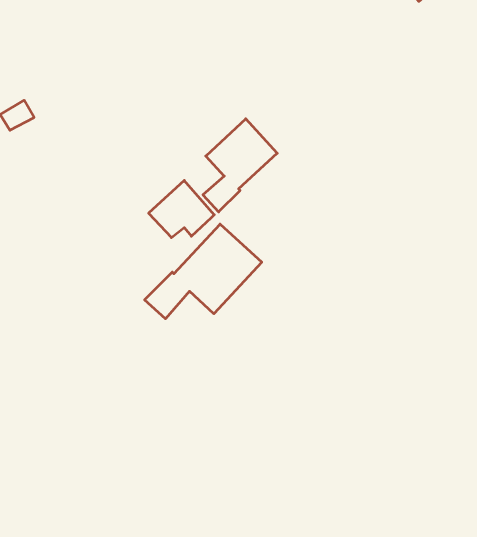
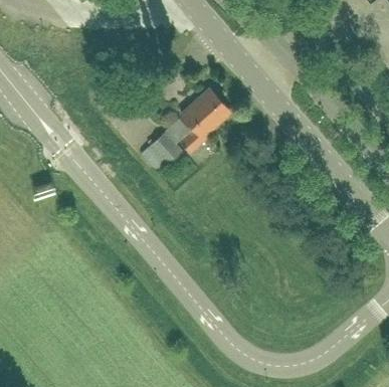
building: [145,224,262,319] -> none

